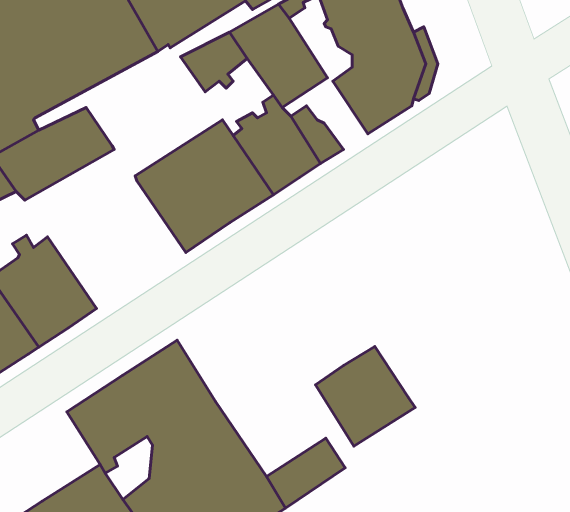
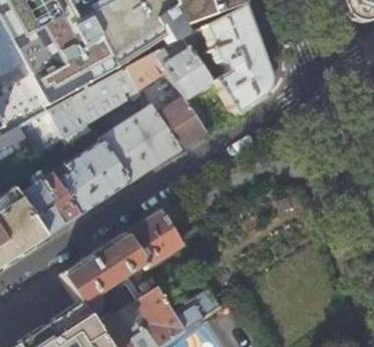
building: none -> [78,67,148,118]
building: none -> [56,138,135,212]
building: [315,346,415,446] -> [130,208,188,265]

